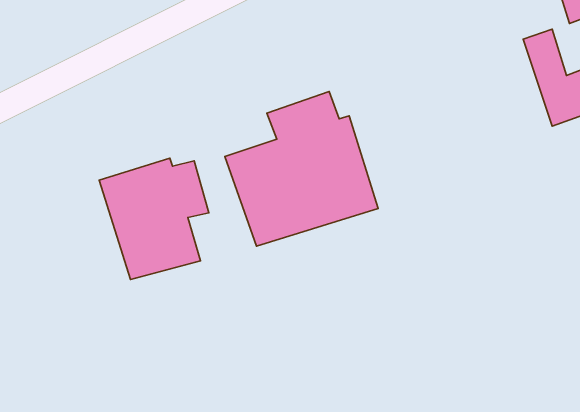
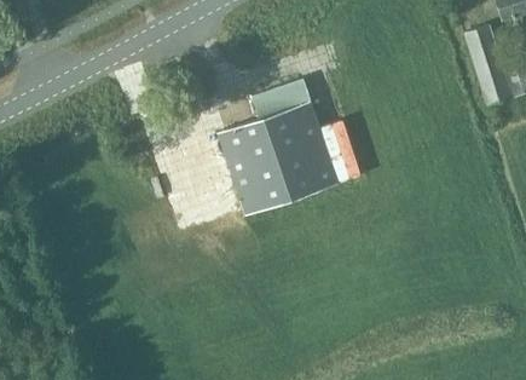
building: [99,158,209,280] -> none

